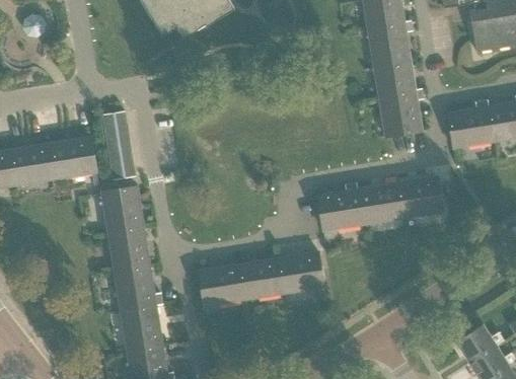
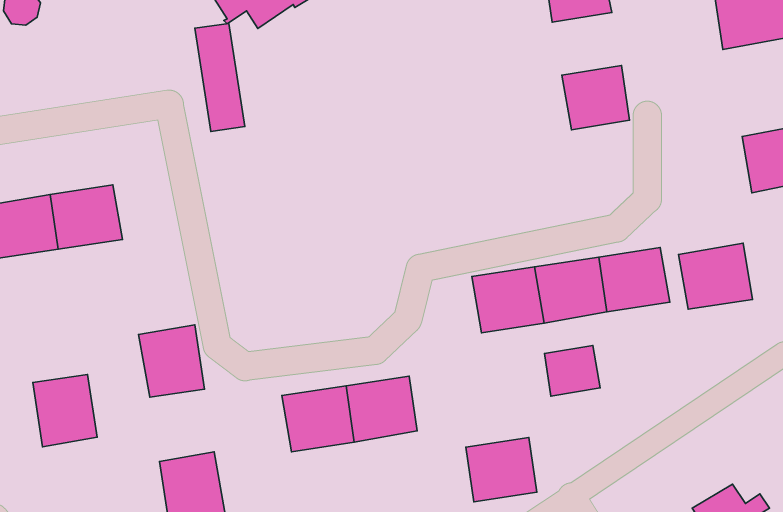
building: [368,29,412,69] -> none
building: [380,97,423,138] -> none
building: [447,107,494,149] -> [679,243,753,309]
building: [103,111,135,179] -> [195,23,245,131]
building: [101,186,143,232] -> none
building: none -> [545,345,600,396]
building: [278,252,322,293] -> [466,437,537,502]
building: [115,267,155,312] -> [33,374,97,447]

